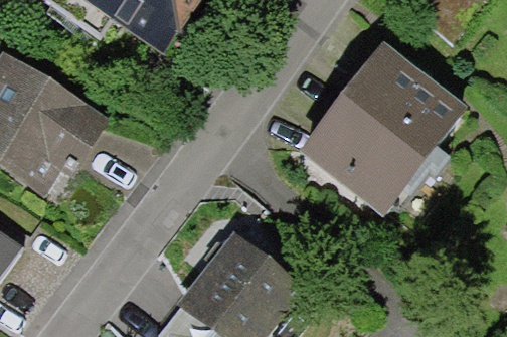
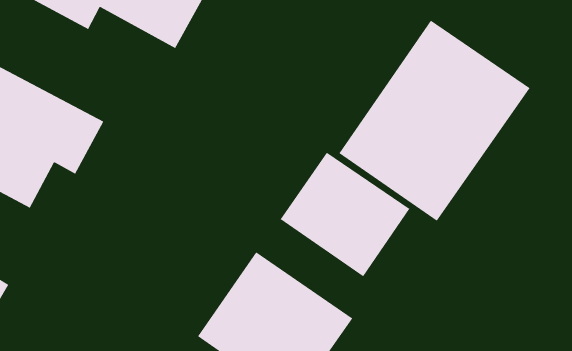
building: none -> [280,152,410,277]

